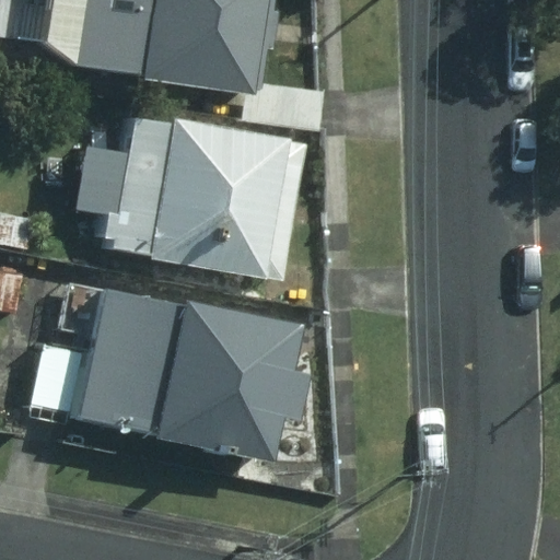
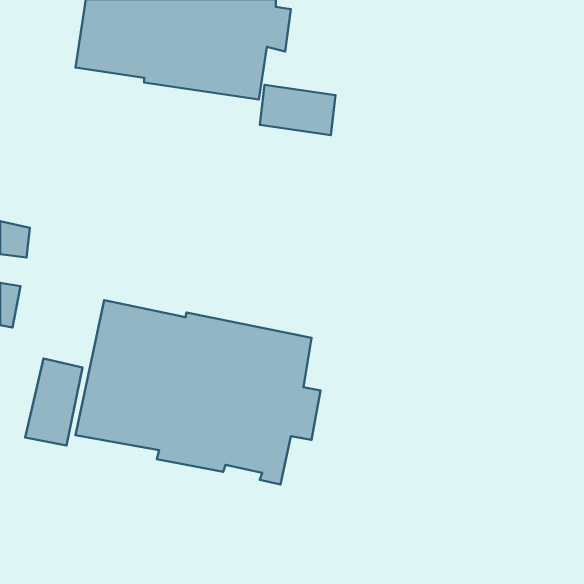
building: [100,115,302,280] -> none

